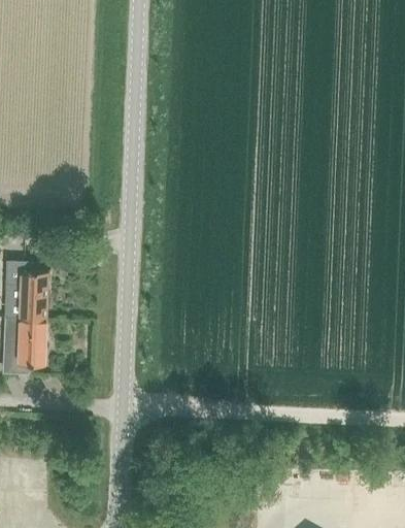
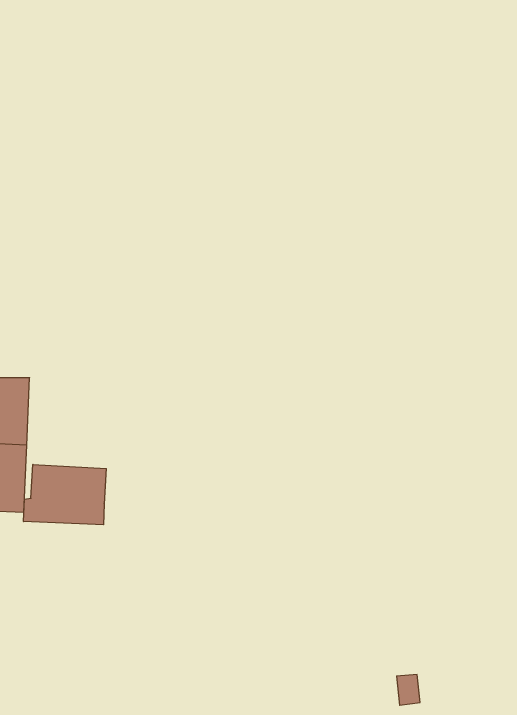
building: none -> [24,464,106,525]

